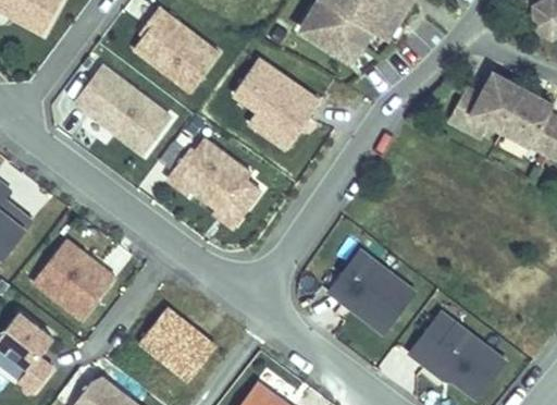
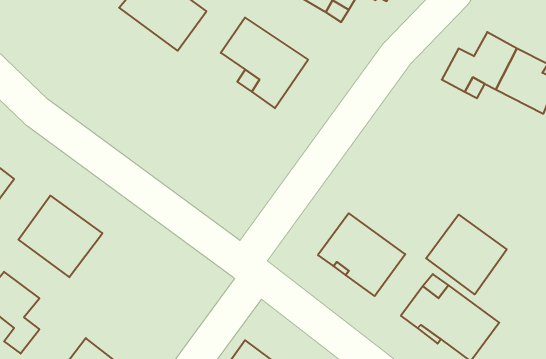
building: [74,68,171,155] -> none
building: [166,139,260,225] -> none
building: none -> [426,215,507,294]
building: [139,304,215,378] -> none

